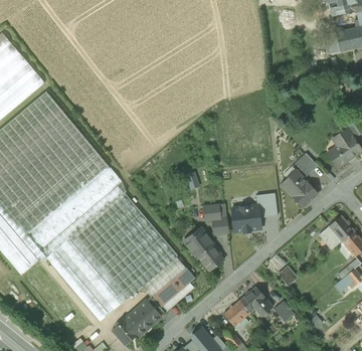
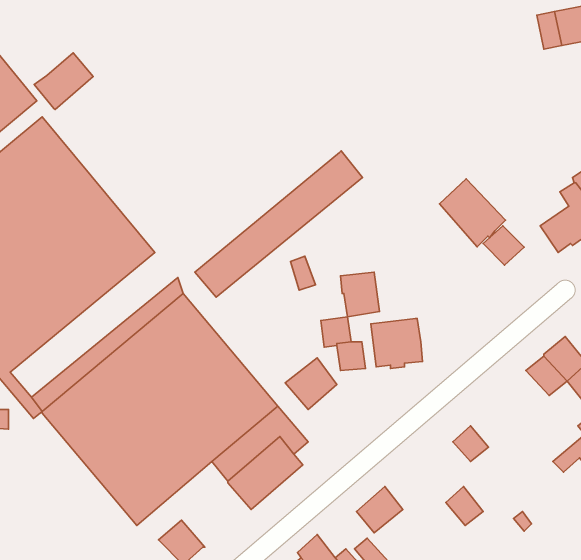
building: none -> [34,53,93,109]
building: [28,167,123,249] -> [195,151,363,297]
building: [281,170,318,208] -> [440,179,506,247]
building: [255,193,278,218] -> [340,272,380,317]
building: [197,242,223,271] -> none
building: [239,286,273,314] -> none
building: [125,296,165,336] -> none

